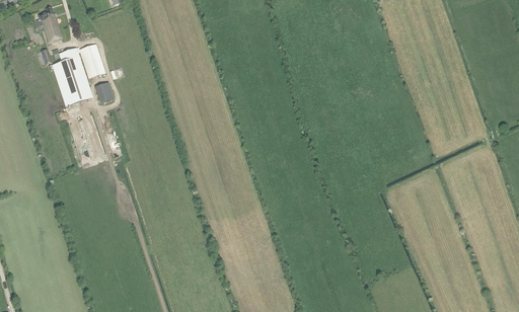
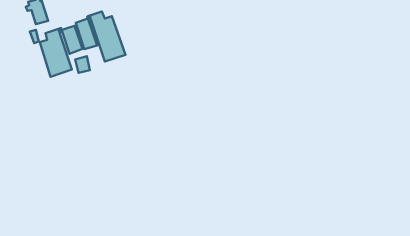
building: none -> [76,12,126,61]

